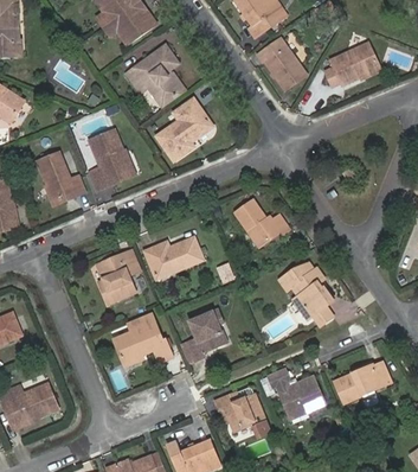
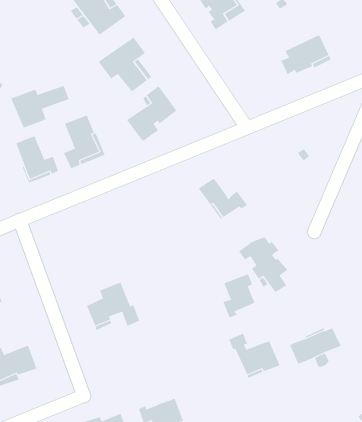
building: [259,39,306,90] -> none
building: none -> [10,85,69,129]
building: [144,237,202,280] -> none
building: [97,250,139,304] -> none
building: [188,310,224,358] -> [223,274,255,318]
building: [213,393,265,429] -> none

